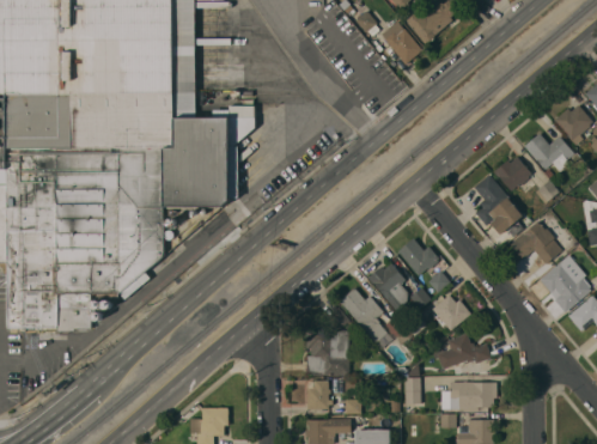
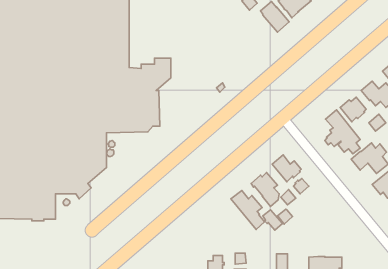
building: [428,294,470,332] -> none
building: [305,308,349,377] -> none
building: [435,334,489,370] -> none

